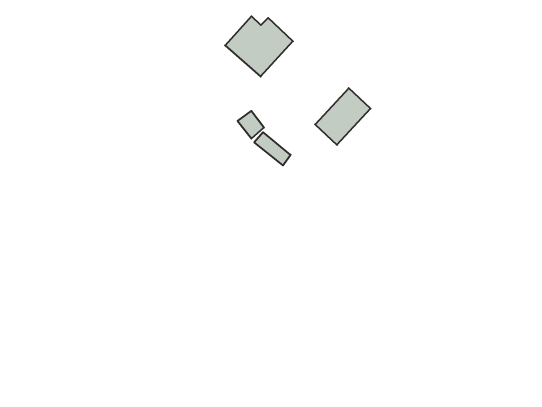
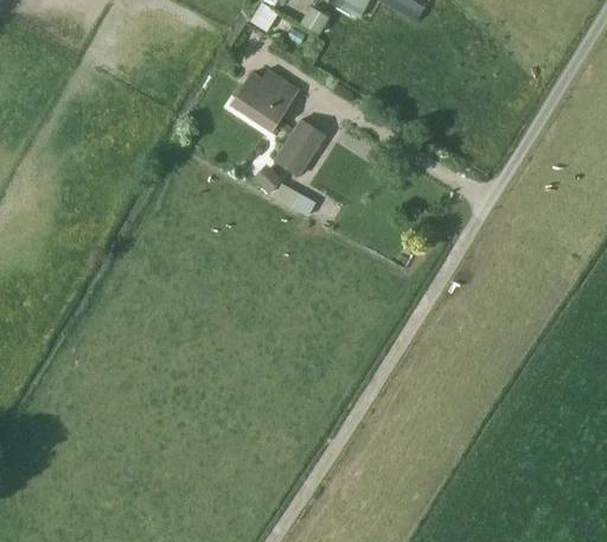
building: [315,88,371,145] -> [275,119,327,177]

